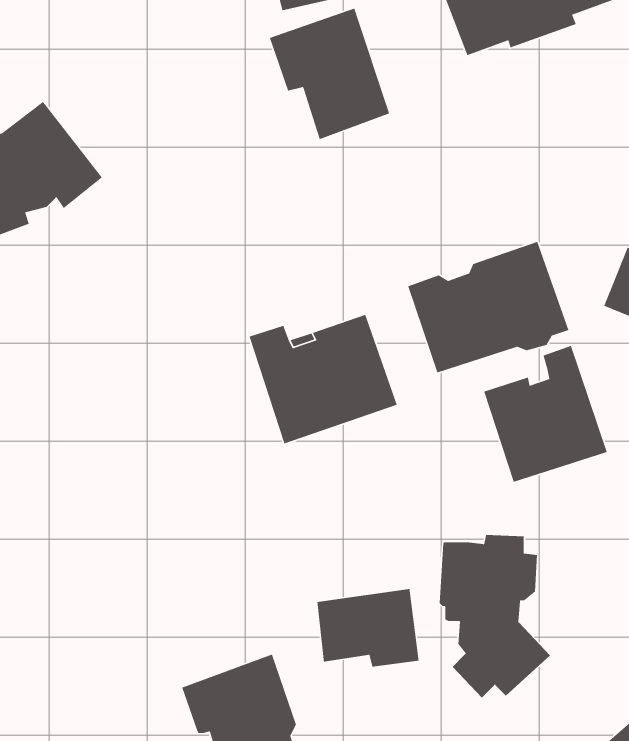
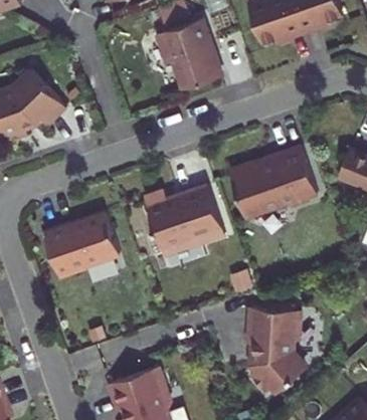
building: [483,345,608,483] -> none
building: none -> [45,212,121,277]
building: [316,588,420,668] -> none

